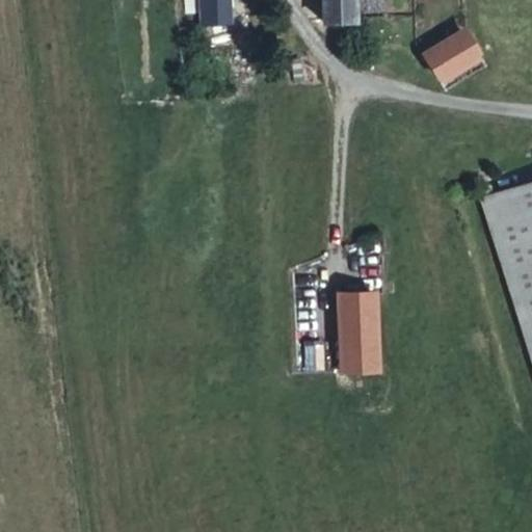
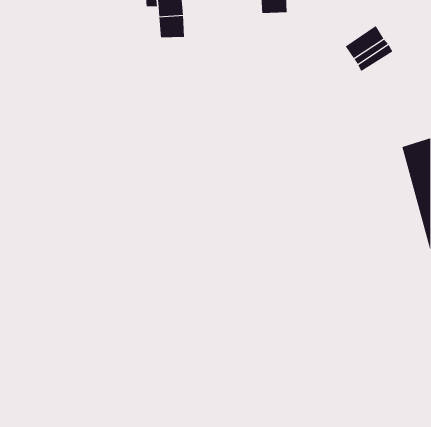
building: [342,288,375,369] -> none

